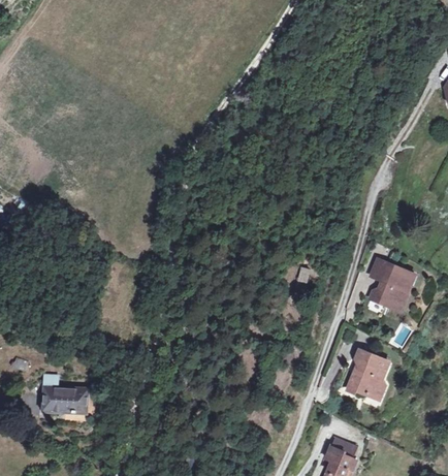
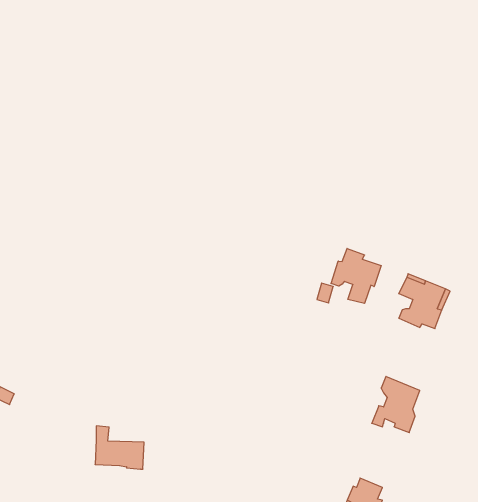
building: none -> [331,248,381,303]
building: [42,374,86,412] -> [95,426,144,469]

